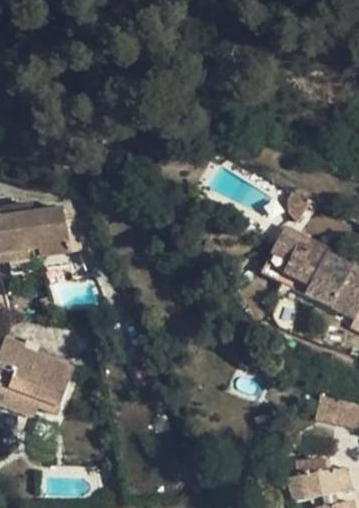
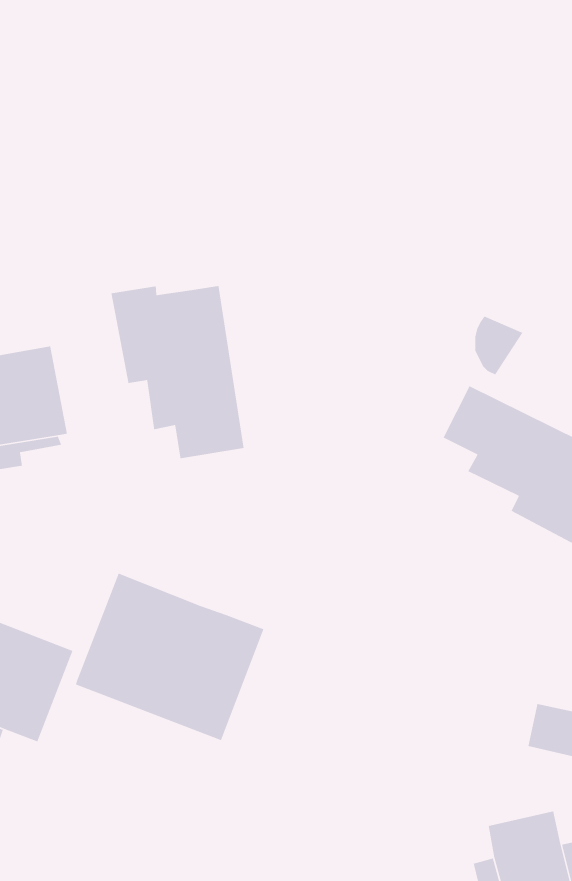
building: none -> [110,285,245,459]
building: none -> [75,572,265,741]

